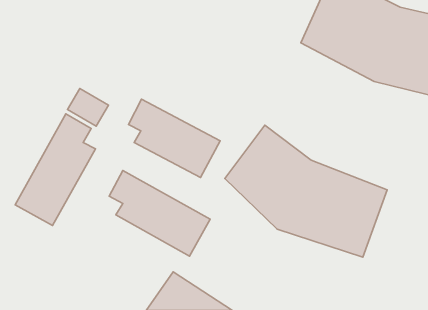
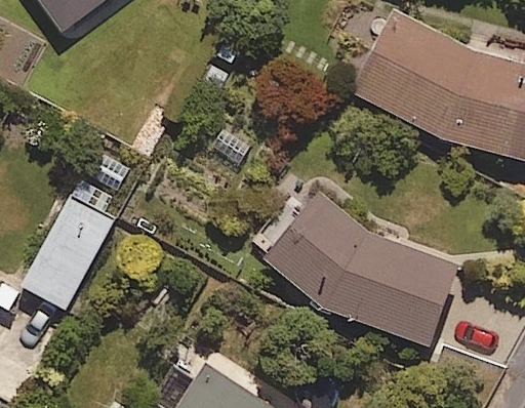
building: [129,99,220,178] -> none
building: [109,171,210,256] -> none

